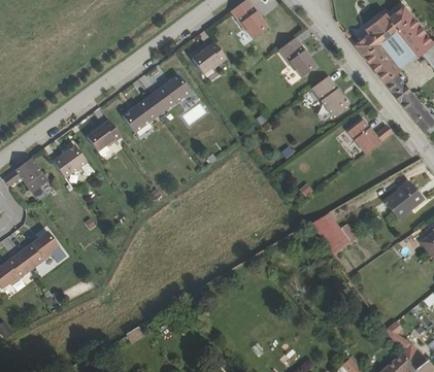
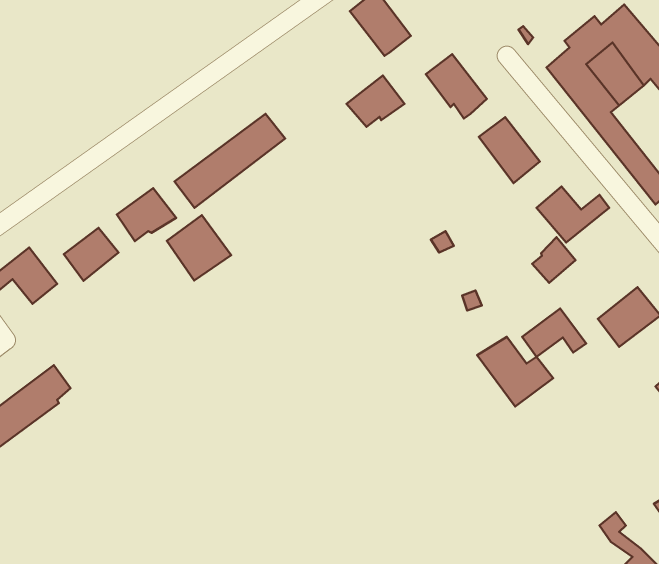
building: [192,40,228,72] -> [347,76,404,127]
building: none -> [167,215,231,280]
building: none -> [532,237,575,283]
building: none -> [522,308,586,357]

